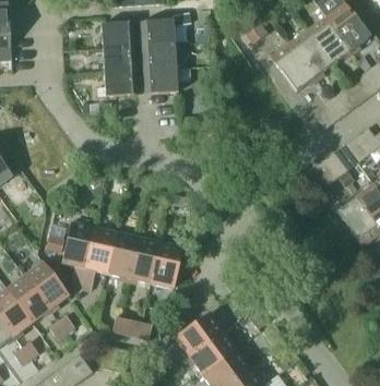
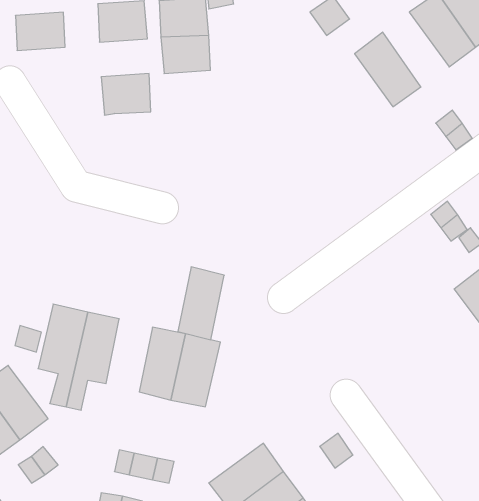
building: [289,29,333,79] -> none
building: [103,47,135,72] -> [15,12,65,50]
building: [145,68,177,94] -> none
building: [107,231,138,279] -> [178,267,224,340]

